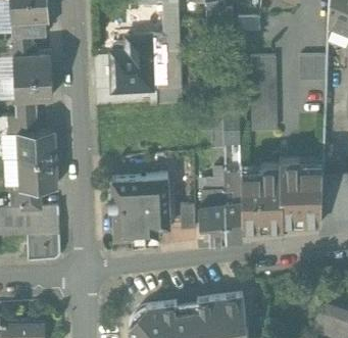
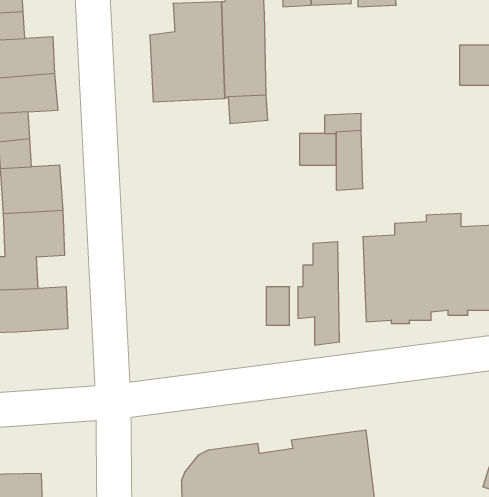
building: [249,57,276,132] -> none
building: [225,172,242,238] -> none
building: [108,174,169,241] -> none
building: [28,230,61,258] -> none

